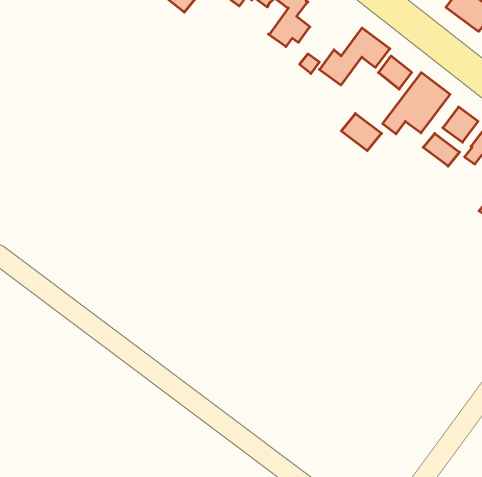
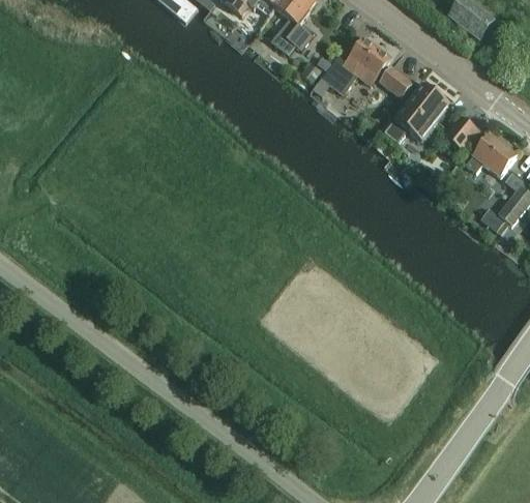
building: [341,113,382,151] -> none
building: [423,133,460,166] -> none

